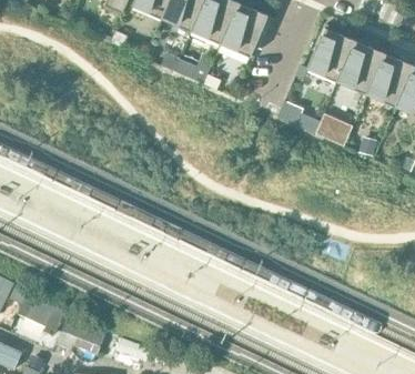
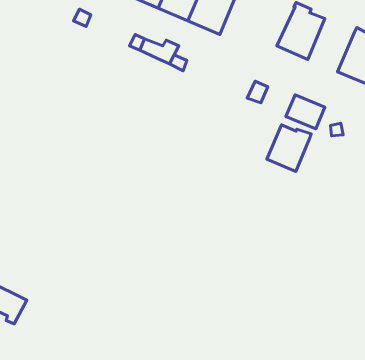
building: [337,34,383,90] -> none
building: none -> [267,125,311,171]
building: [55,319,105,355] -> none

